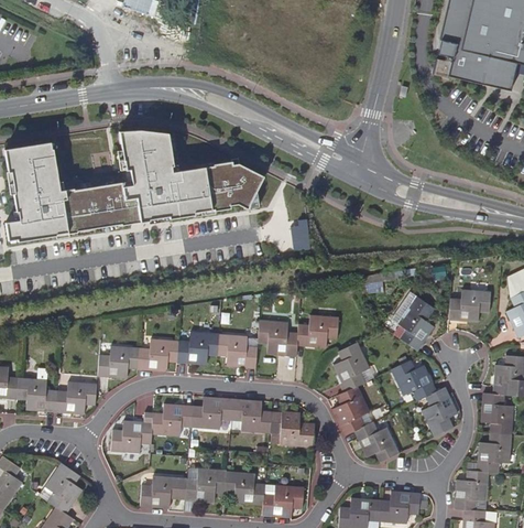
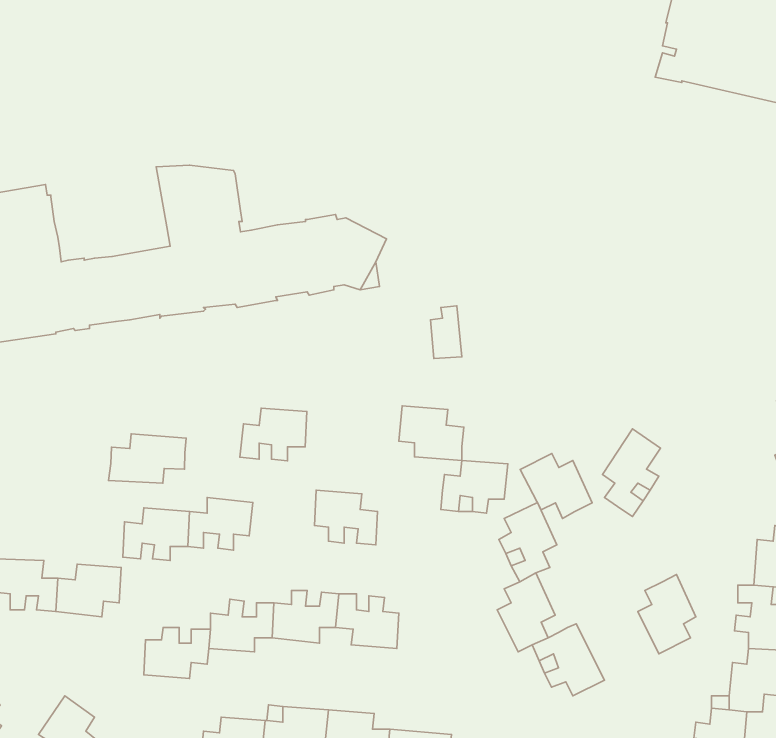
building: [449,289,490,321] -> none
building: none -> [108,434,186,483]
building: [258,321,298,355] -> [399,406,464,460]
building: [177,332,219,365] -> [240,408,307,461]
building: [391,360,436,401] -> [520,454,592,519]
building: [270,411,315,445] -> none

